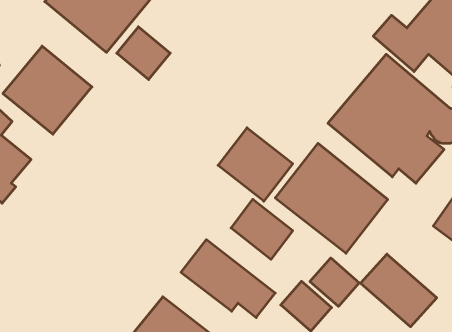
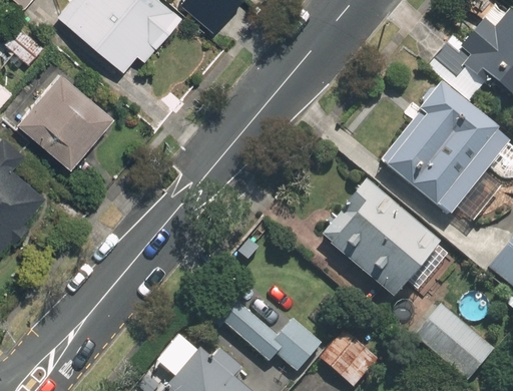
building: [117,27,170,80] -> none
building: [218,128,293,201] -> none
building: [231,199,293,259] -> none
building: [310,258,359,306] -> none

